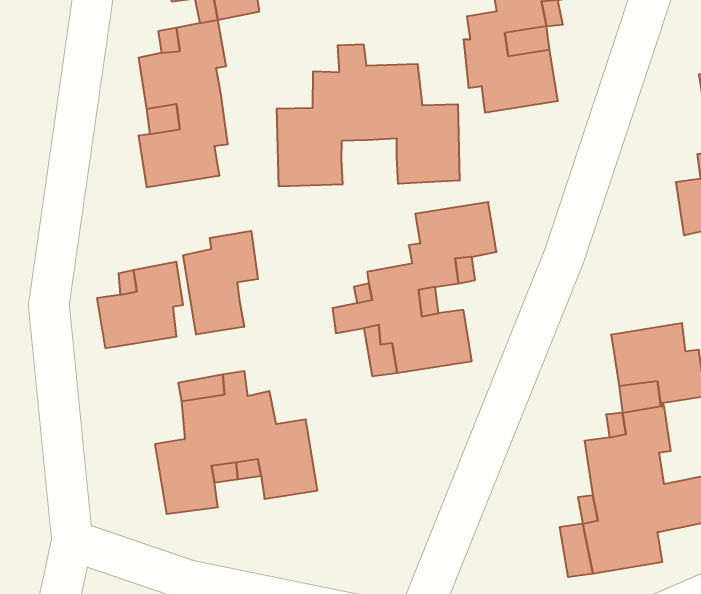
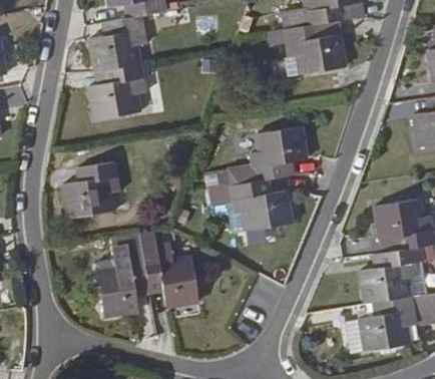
building: [277,44,460,186] -> none
building: [183,231,258,335] -> none

